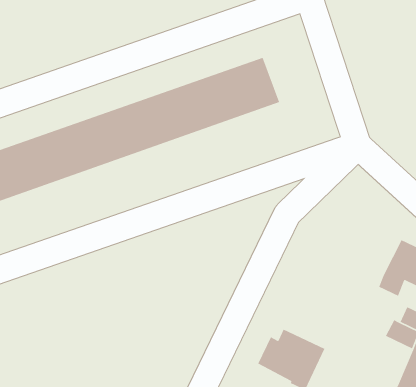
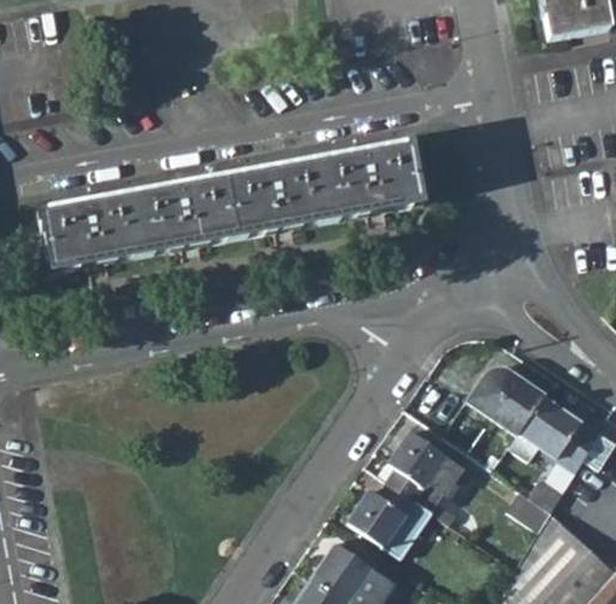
building: none -> [467,363,545,432]
building: none -> [382,427,461,524]

